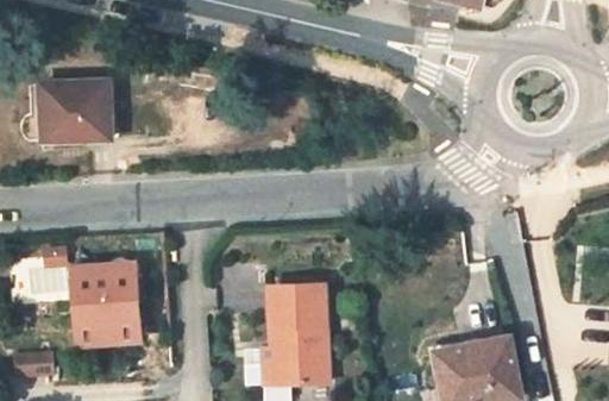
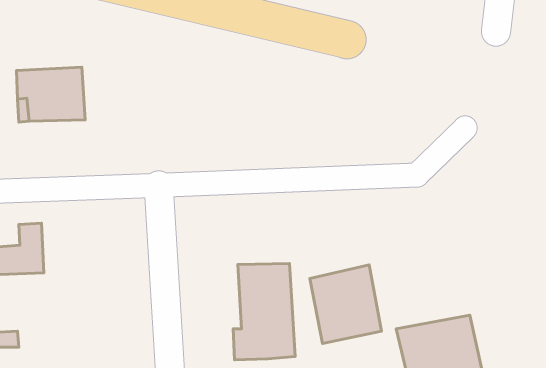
building: [70,258,142,328] -> none
building: none -> [310,265,381,343]

